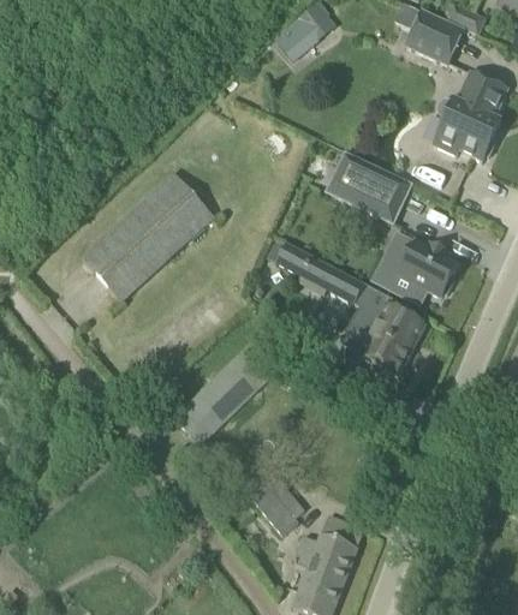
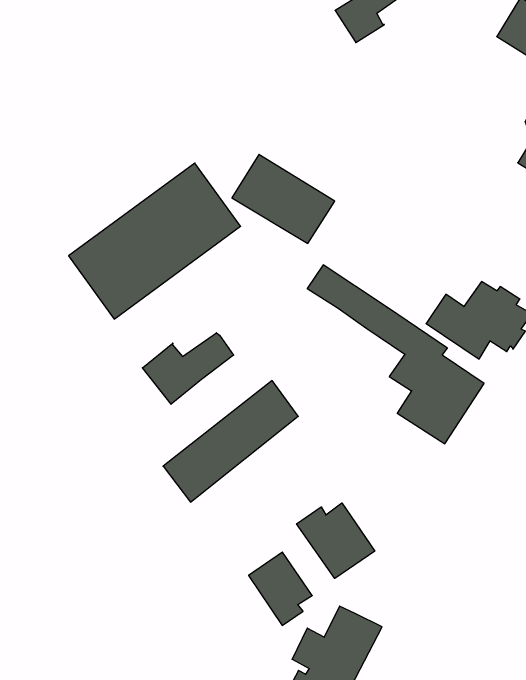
building: [326,154,409,221] -> [232,154,335,243]
building: none -> [142,333,234,404]
building: none -> [297,503,375,578]

